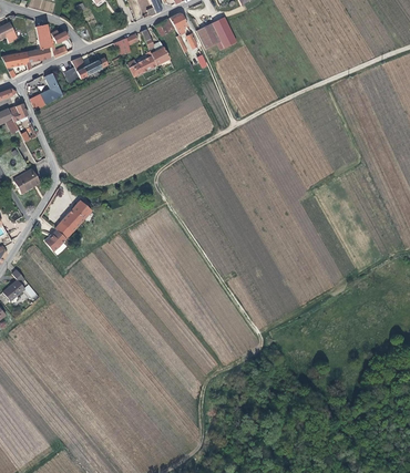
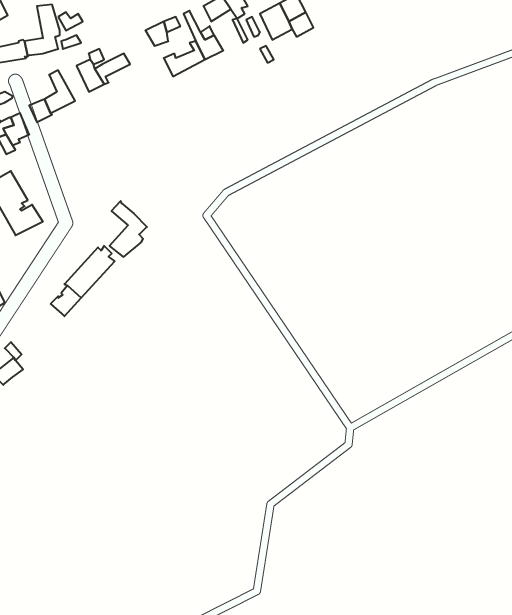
building: none -> [110,201,147,257]

